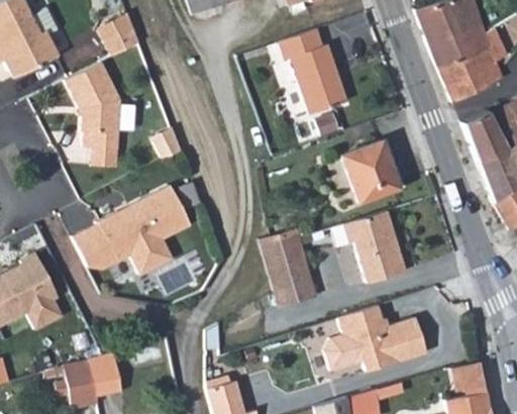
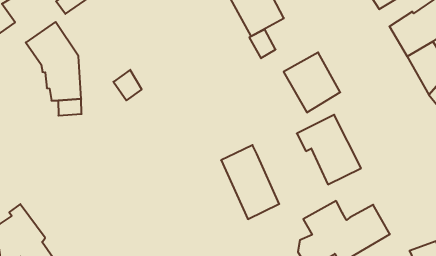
building: [76,187,192,277] -> none

